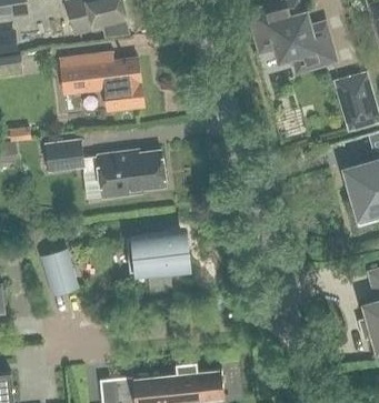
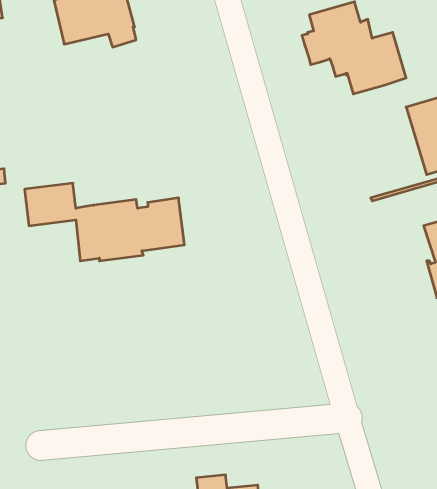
building: [59,52,143,111] -> none
building: [126,234,184,290] -> none
building: [43,251,76,293] -> none

